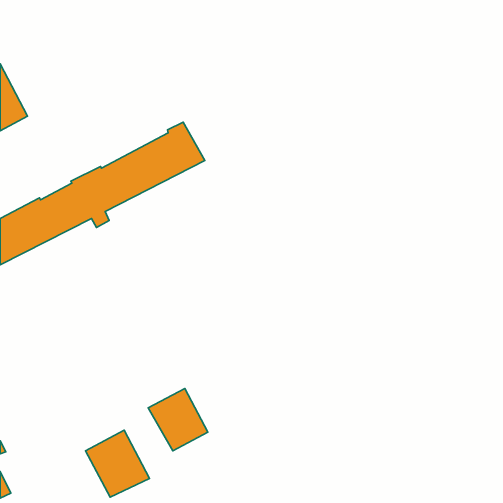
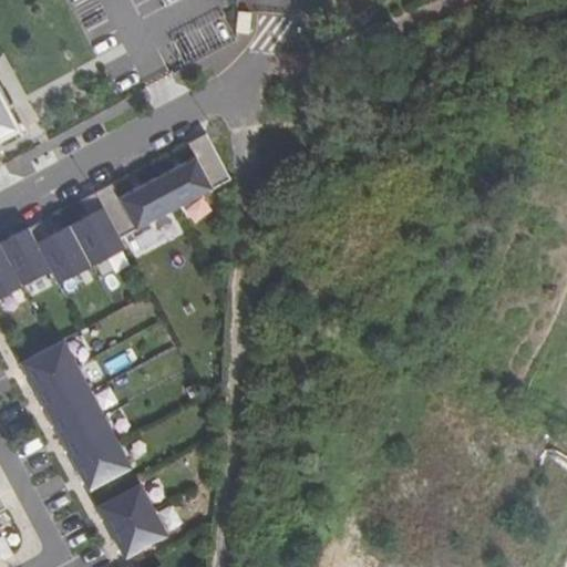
building: none -> [20,340,132,492]
building: [148,389,208,451] -> none

